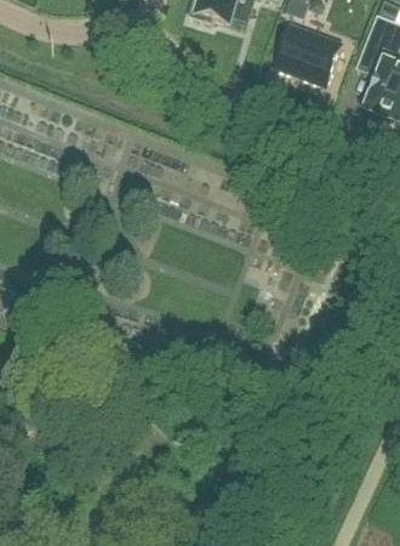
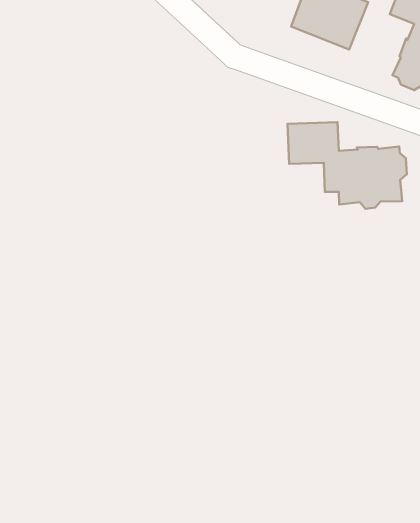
building: none -> [287,122,407,209]

